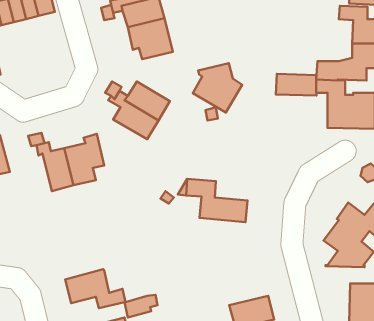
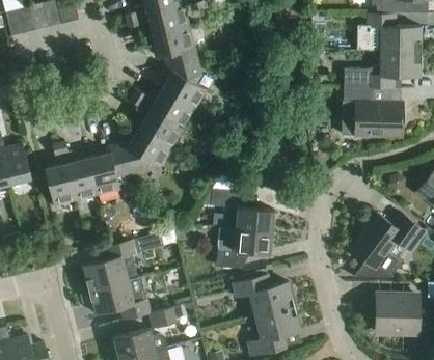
building: [193,63,242,112] -> [161,60,211,110]
building: [276,74,317,95] -> none
building: none -> [120,129,171,175]
building: none -> [44,163,75,206]
building: none -> [216,228,271,269]
building: none -> [82,233,163,290]
building: none -> [233,275,294,316]

